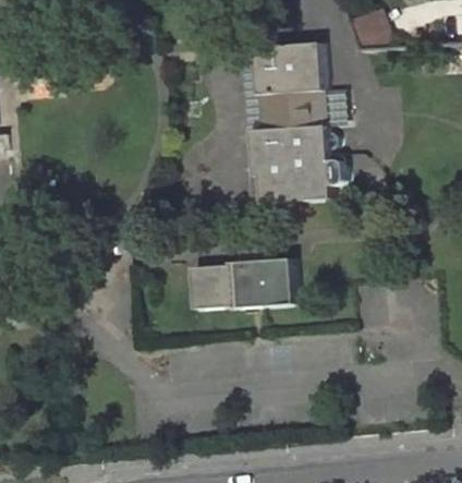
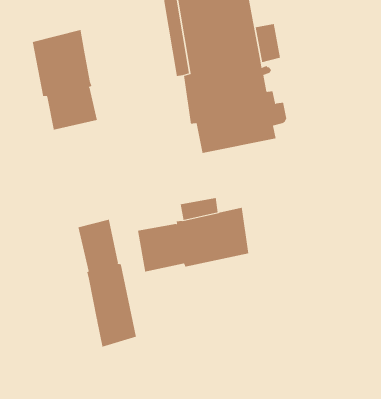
building: none -> [32,29,98,131]
building: none -> [78,219,136,348]

